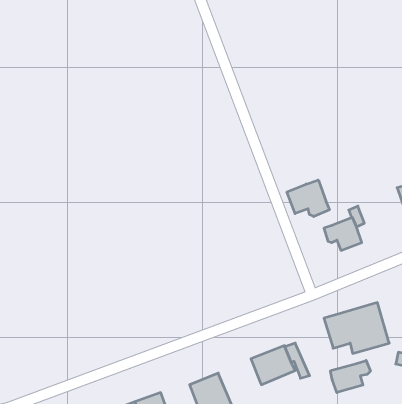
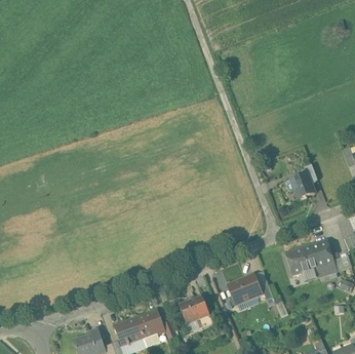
building: [287,180,329,217] -> none
building: [330,360,370,393] -> none

